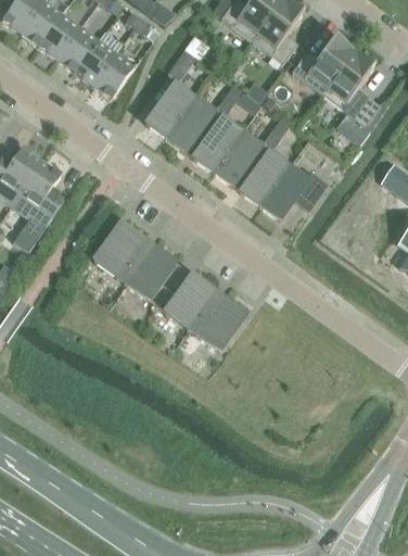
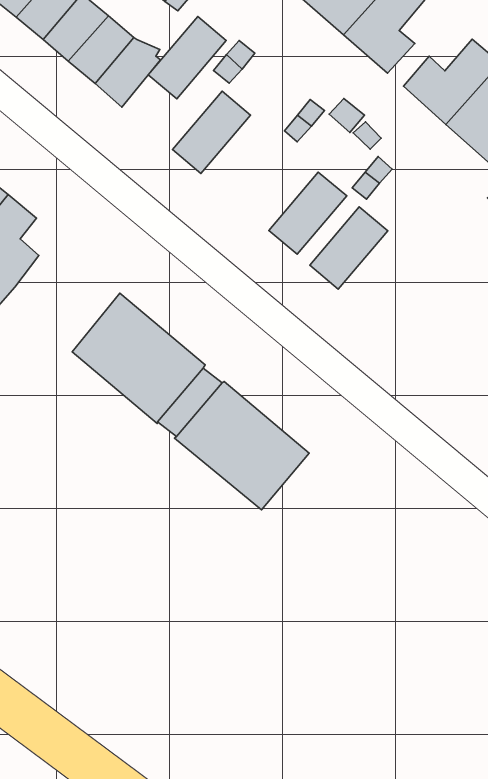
building: [165,96,214,150] -> [148,16,226,99]
building: [193,115,241,169] -> none
building: [259,164,329,217] -> none

